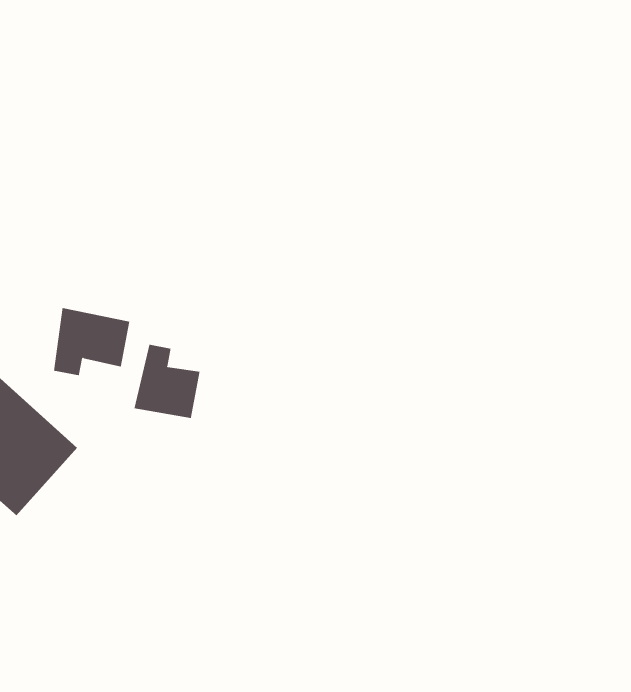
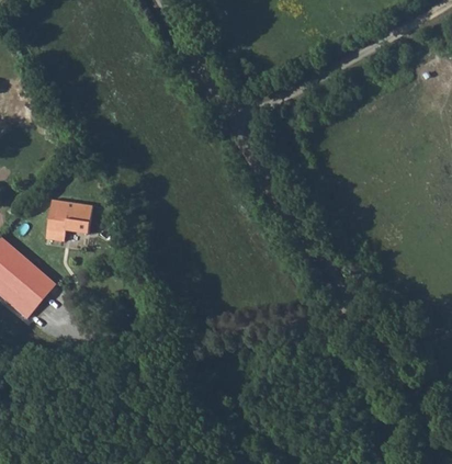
building: [134,344,200,419] -> none

